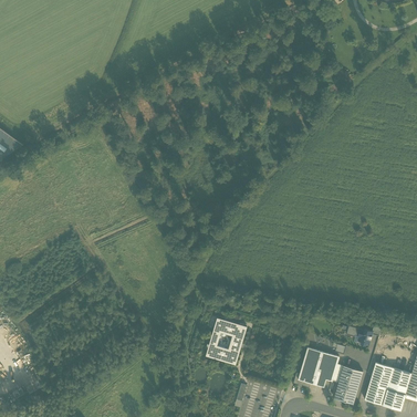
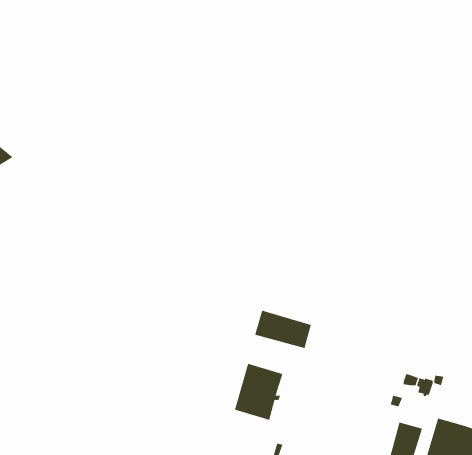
building: none -> [254,310,311,349]
building: [293,347,340,388] -> none

